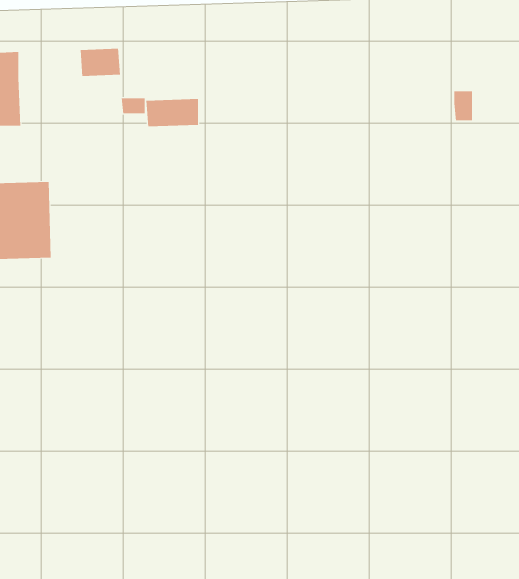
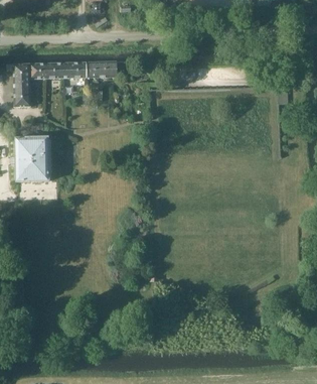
building: none -> [30,63,65,80]
building: [146,99,199,127] -> [87,61,117,78]

